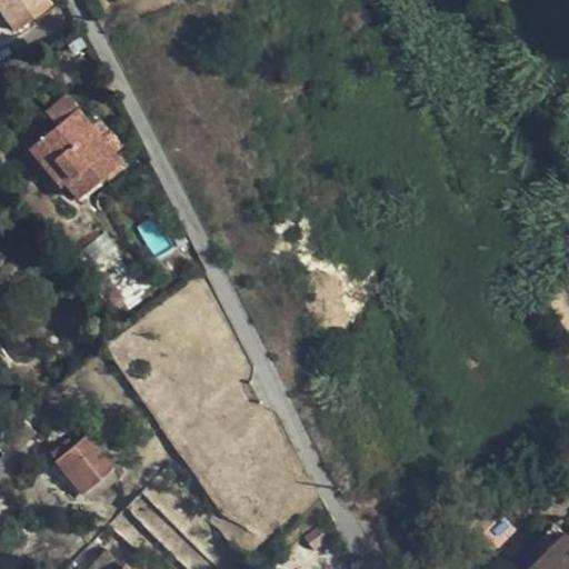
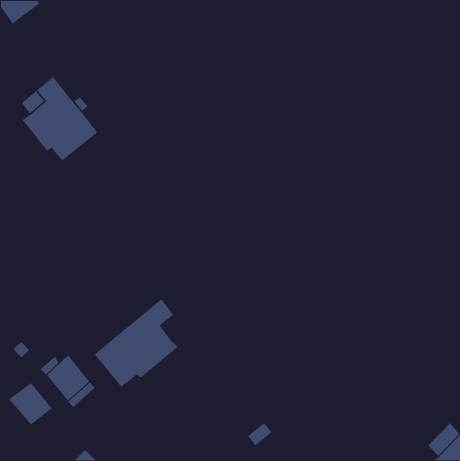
building: none -> [94,298,179,388]
building: none -> [8,382,53,426]

